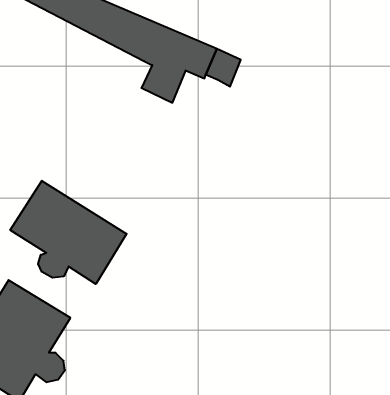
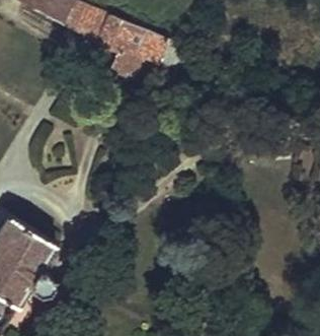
building: [10,181,127,284] -> none

